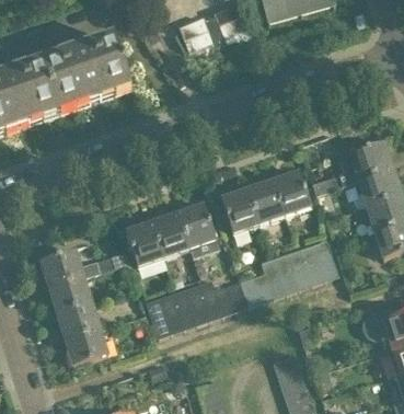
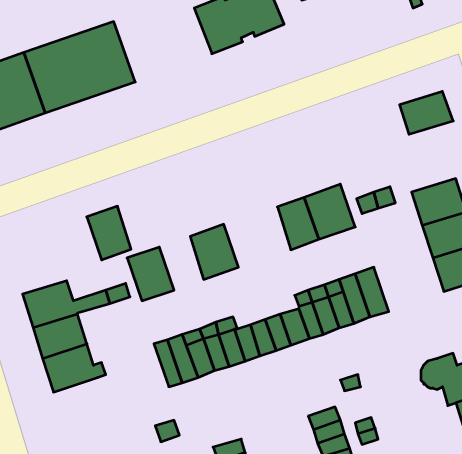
building: [349,142,393,177] -> [400,91,453,134]
building: [220,189,258,233] -> none
building: [151,214,187,257] -> [87,206,131,260]
building: [65,329,108,367] -> none

